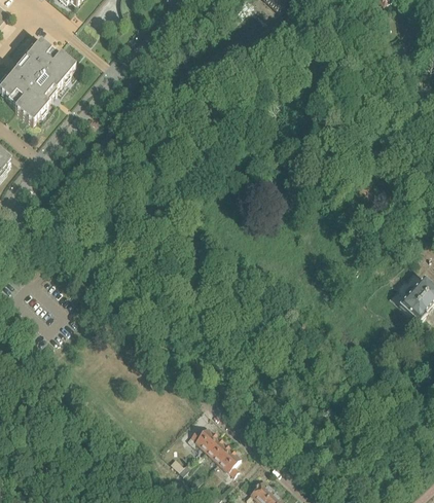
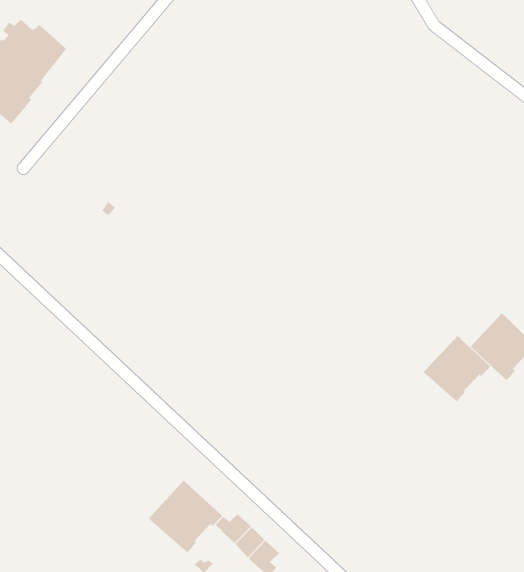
building: none -> [423,335,491,402]
building: none -> [148,480,223,553]

